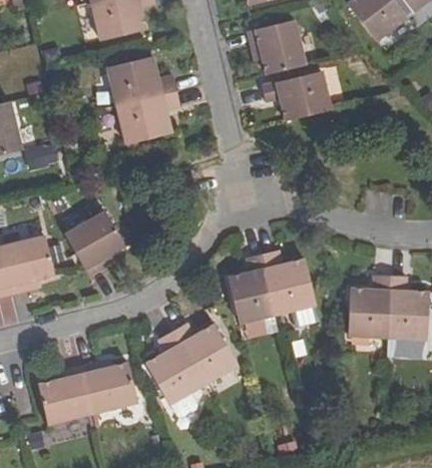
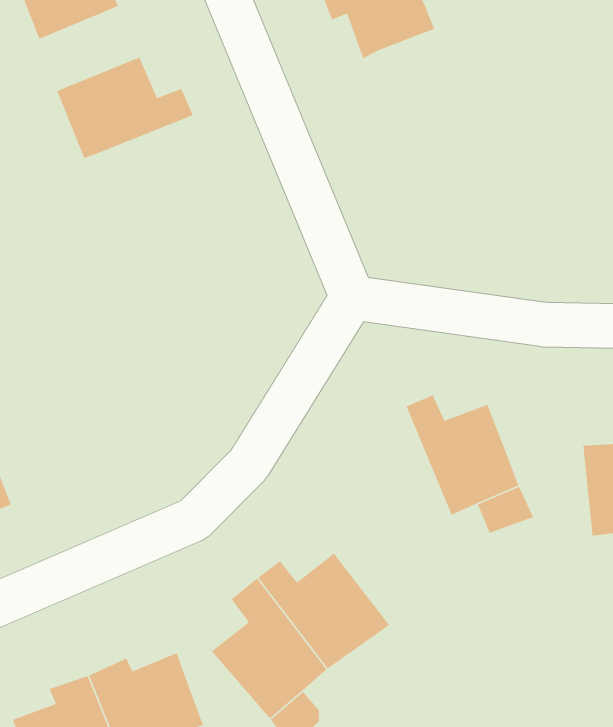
building: [261,72,331,121] -> none
building: [116,91,178,144] -> none
building: [65,212,124,278] -> none
building: [228,255,277,323] -> none

